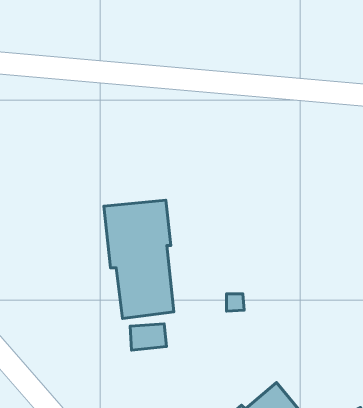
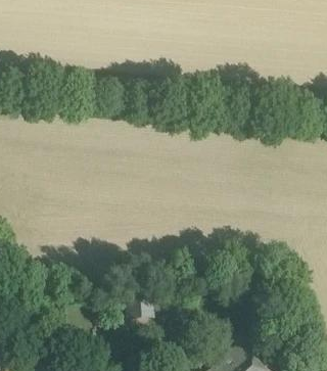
building: [104,200,174,319] -> none

